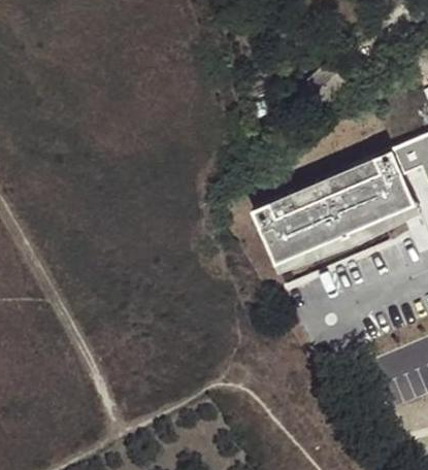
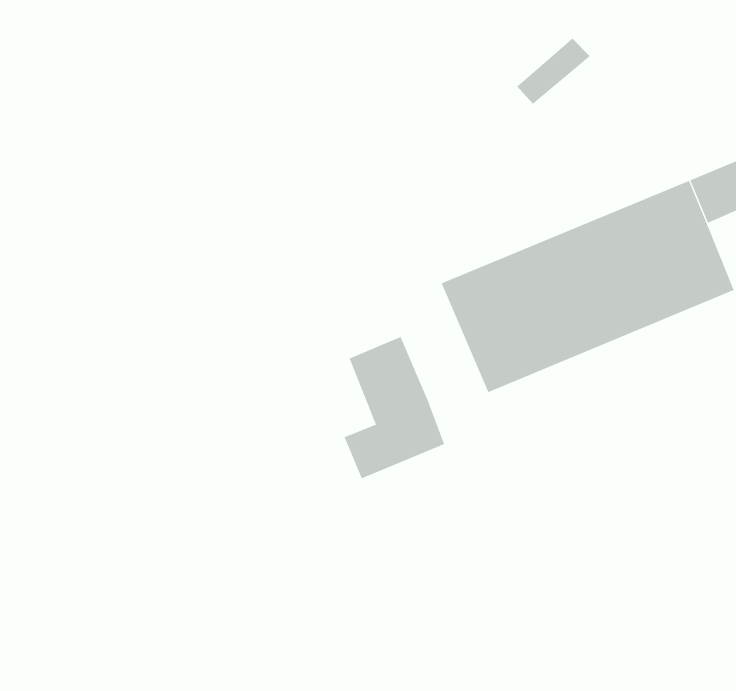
building: none -> [344,336,445,479]

